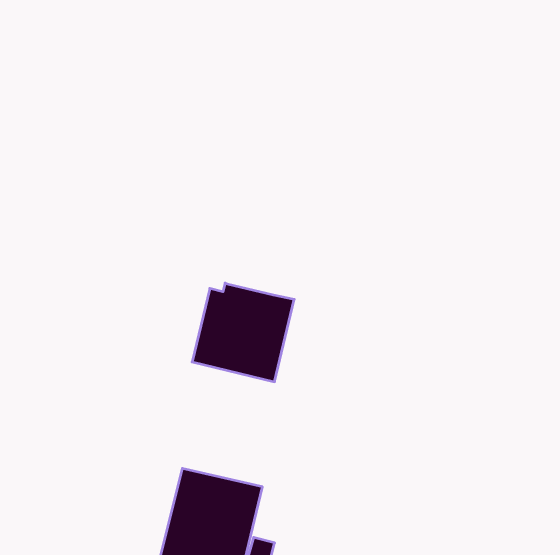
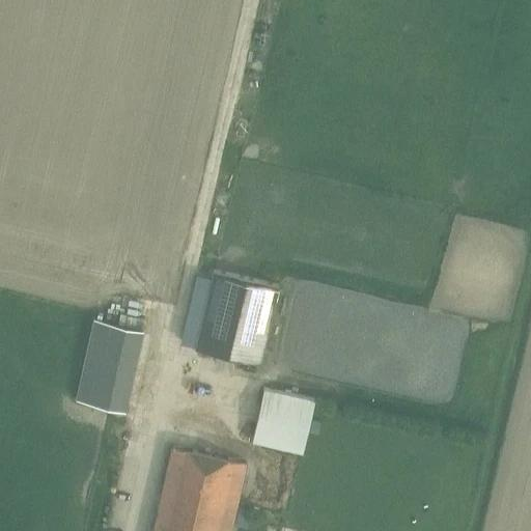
building: none -> [75,325,143,415]
building: none -> [253,390,315,454]

